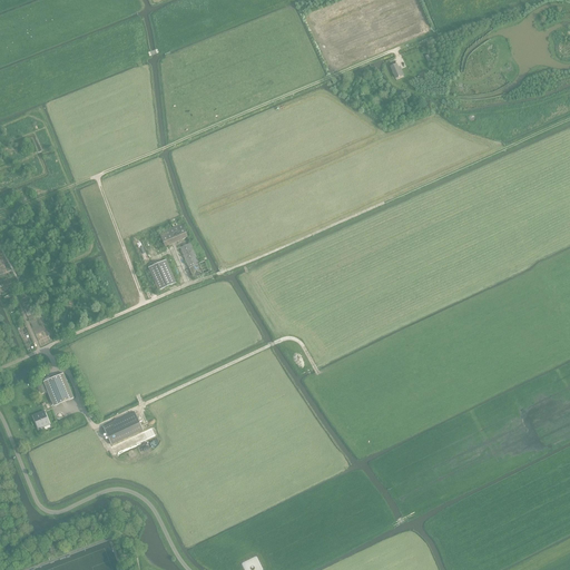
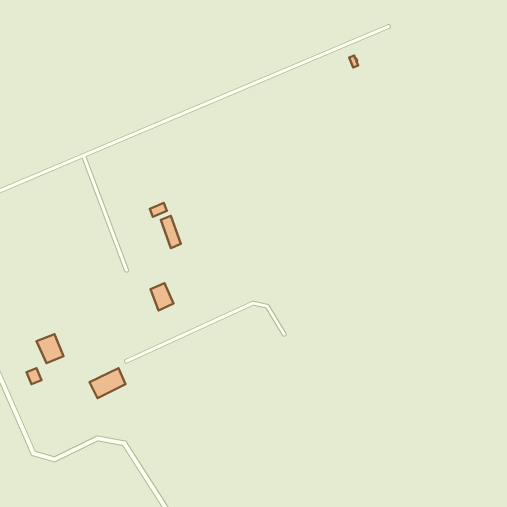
building: [147,259,173,289] -> [151,283,174,310]

